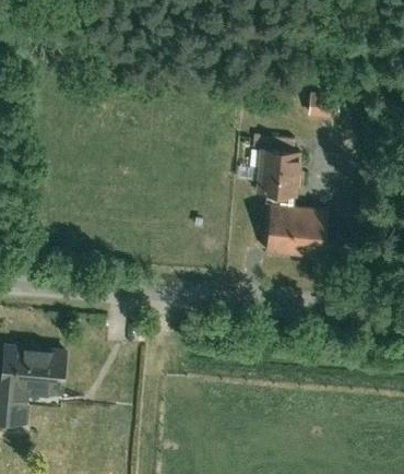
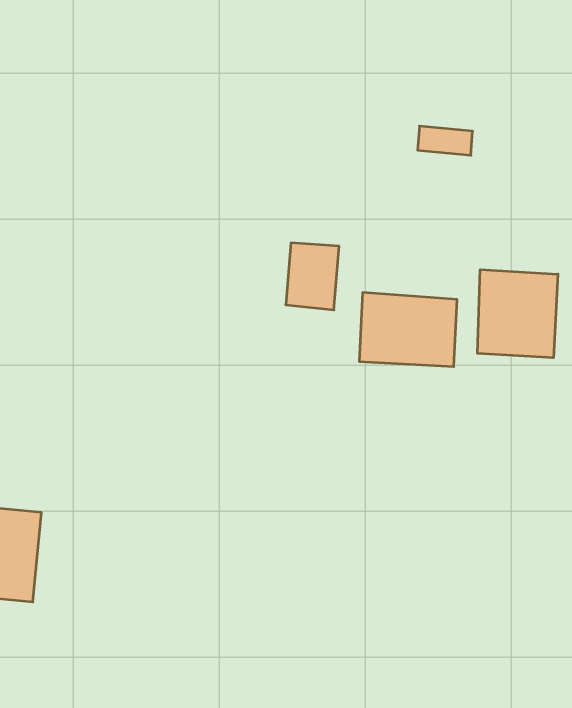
building: [259,150,293,192] -> [286,243,339,310]
building: none -> [478,270,558,358]

